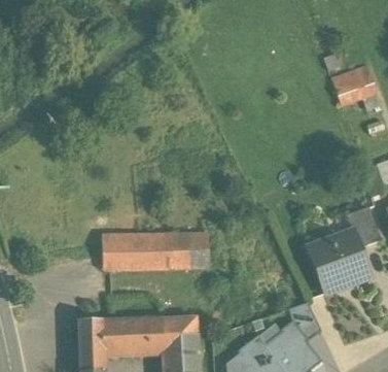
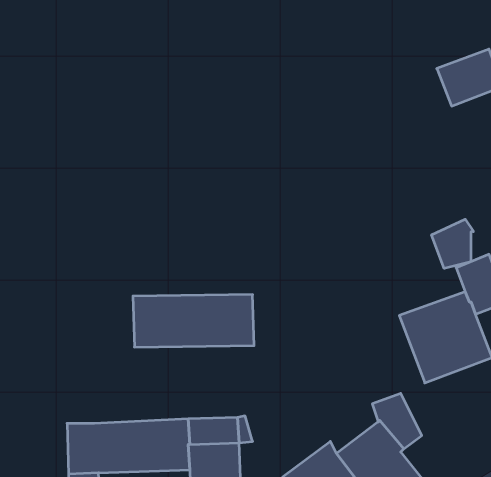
building: none -> [432,219,473,268]
building: [102,234,125,269] -> none

